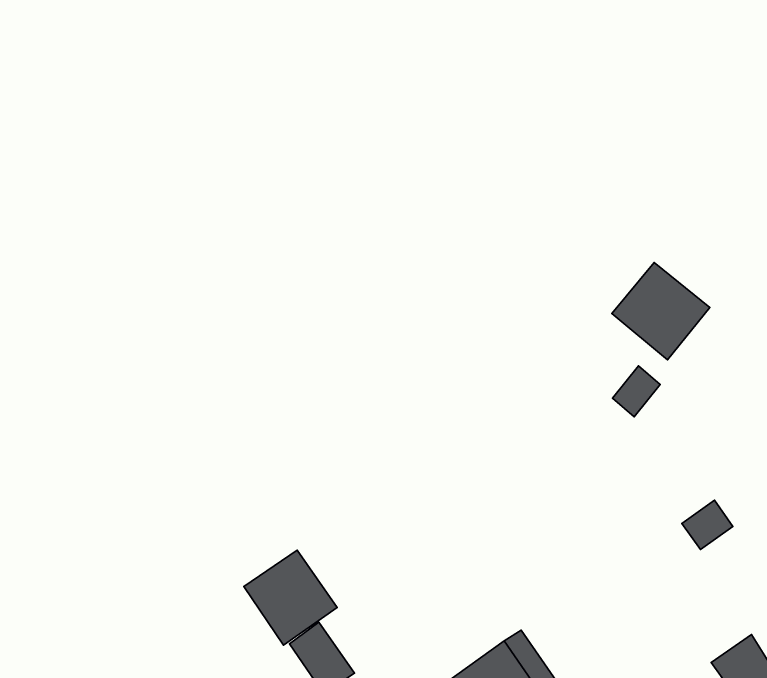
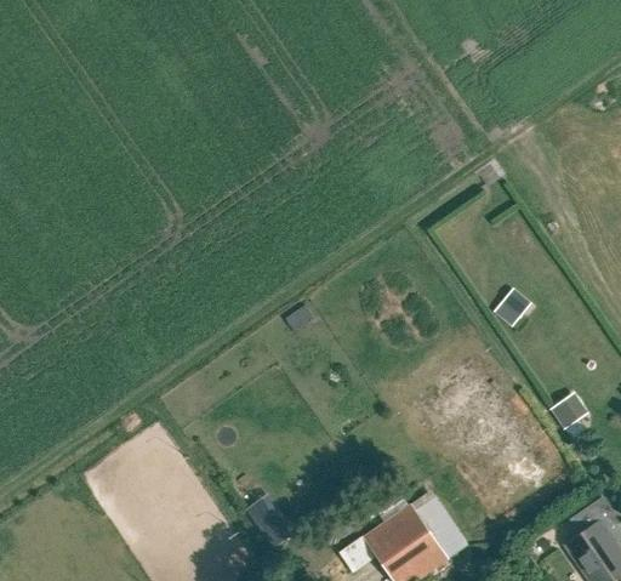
building: [612,262,710,360] -> none
building: [244,550,337,645] -> none

